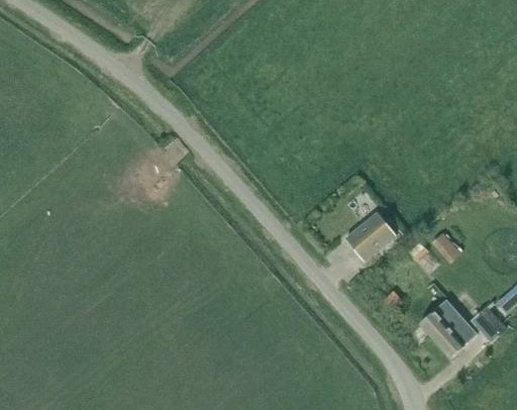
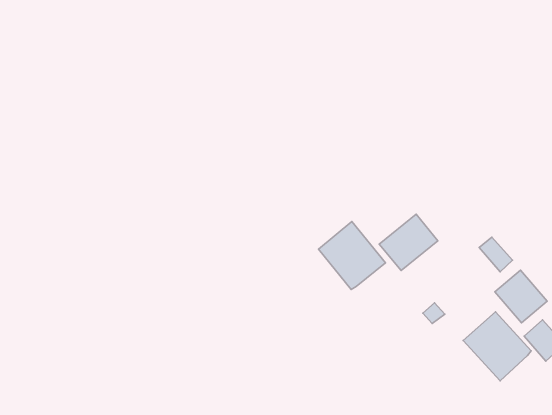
building: none -> [318,221,386,289]
building: none -> [495,270,547,323]

